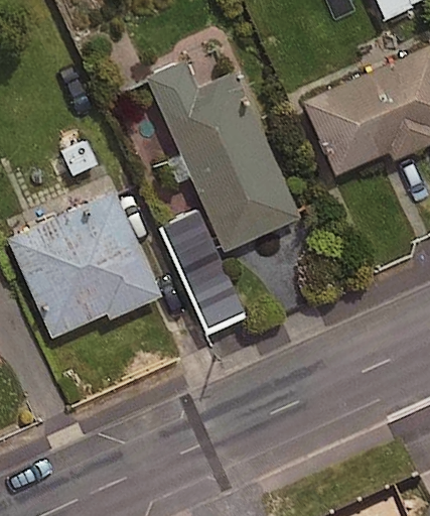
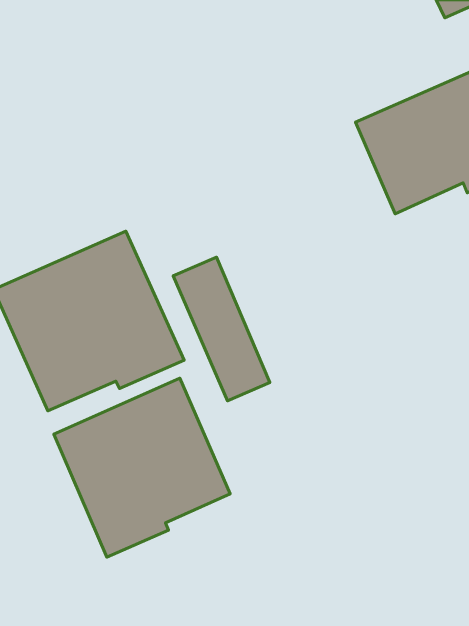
building: [147,60,303,253] -> none
building: none -> [54,378,230,557]

